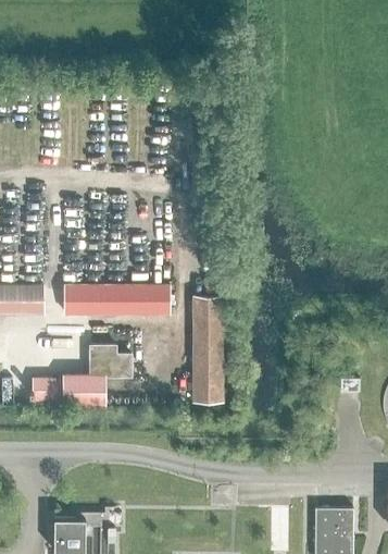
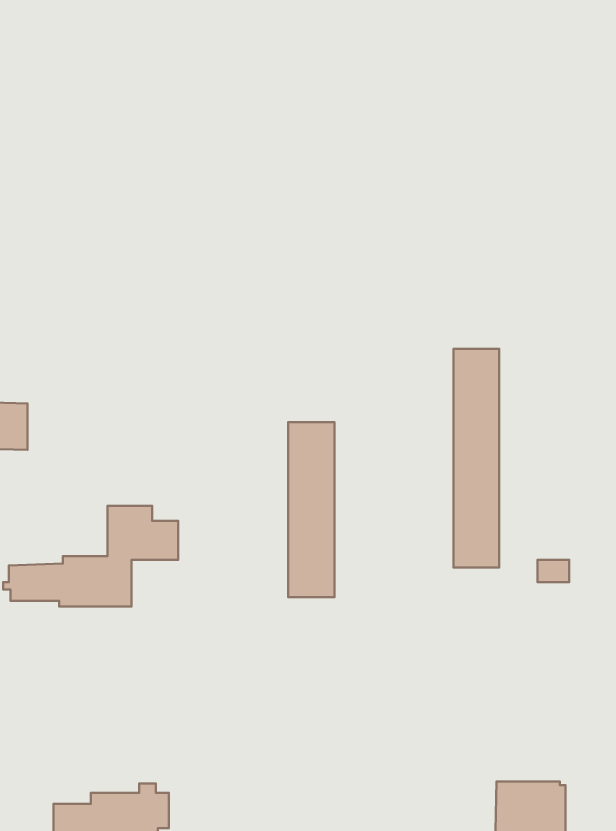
building: none -> [454,349,499,567]
building: [65,286,166,315] -> none

